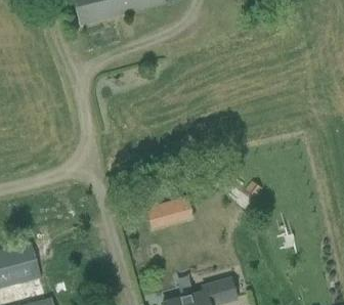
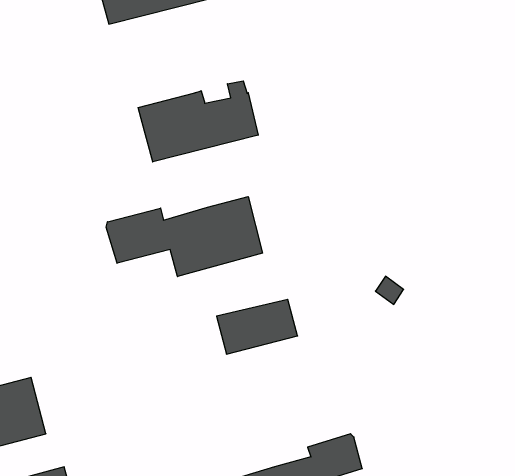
building: none -> [138,81,258,162]
building: none -> [106,197,262,277]

